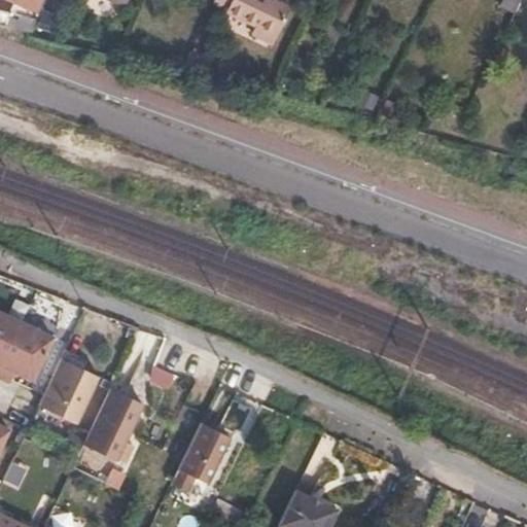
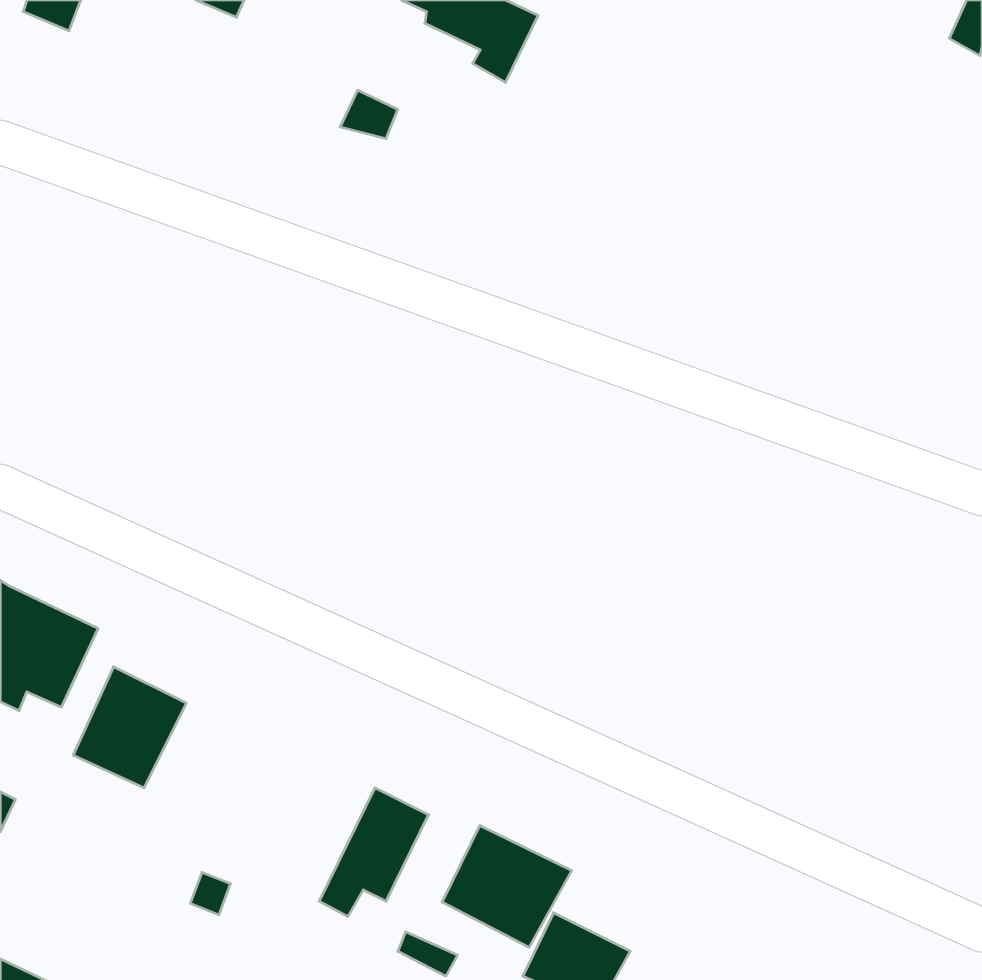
building: [84,389,143,460] -> none
building: none -> [442,825,572,947]

